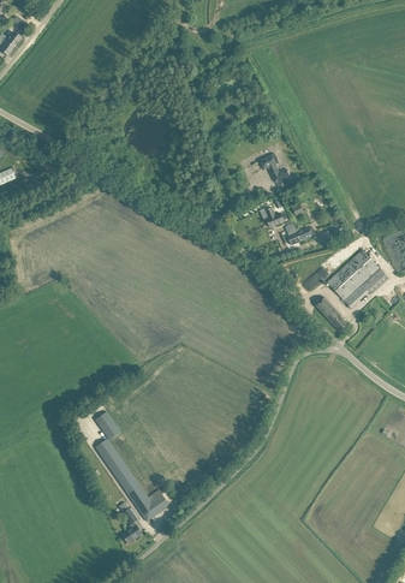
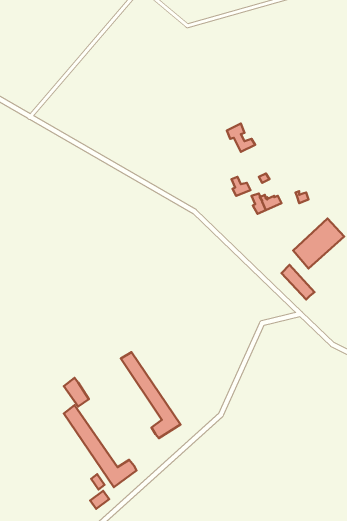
building: none -> [121,352,181,438]

